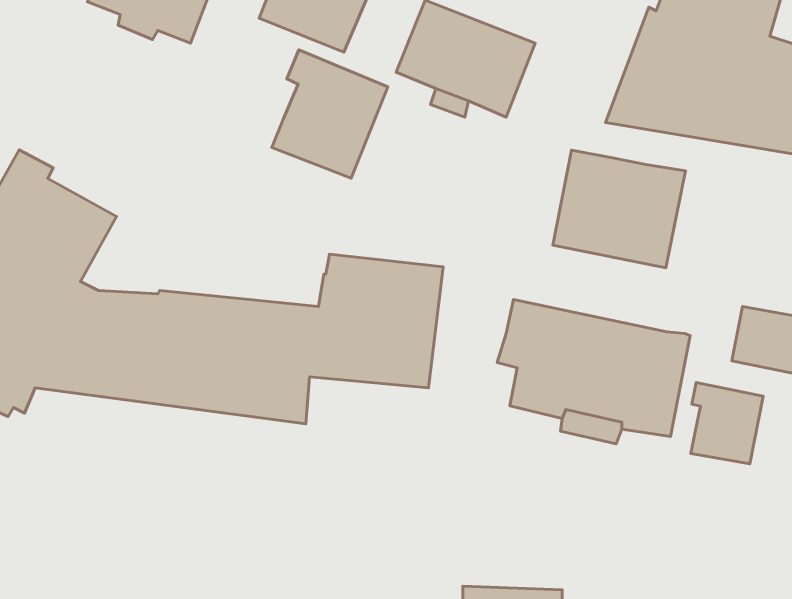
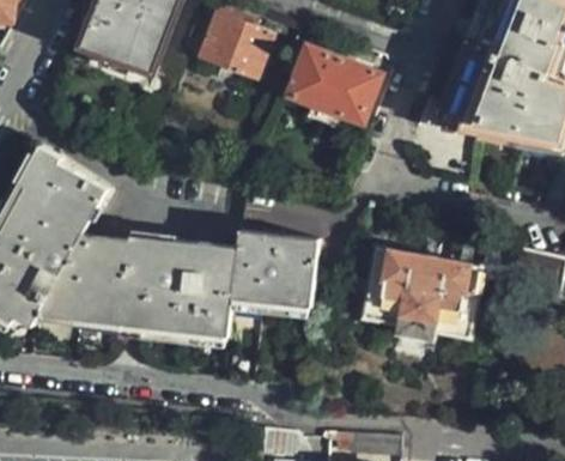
building: [272,50,388,178] -> none
building: [553,150,685,268] -> none
building: [691,382,763,464] -> none

